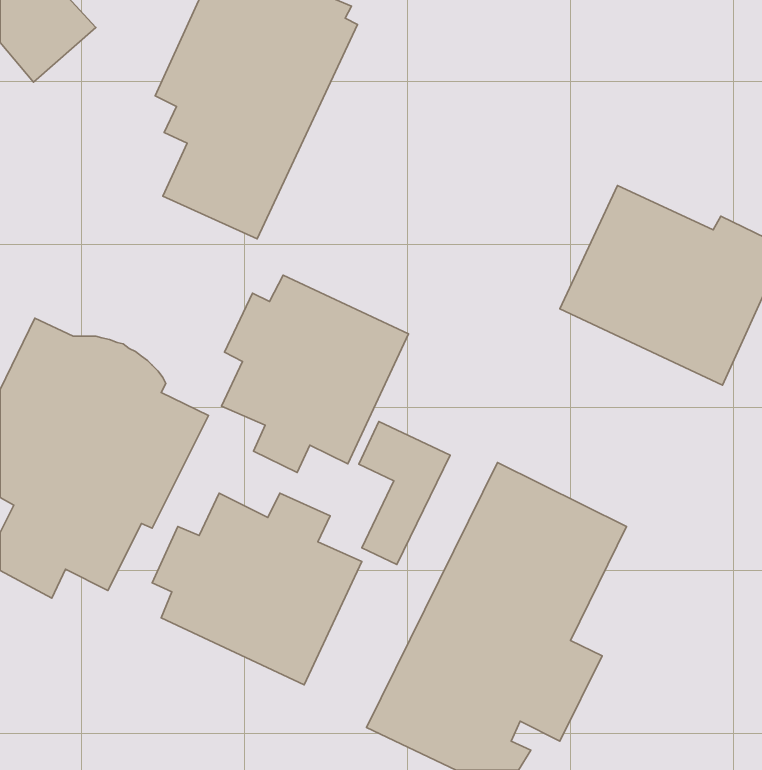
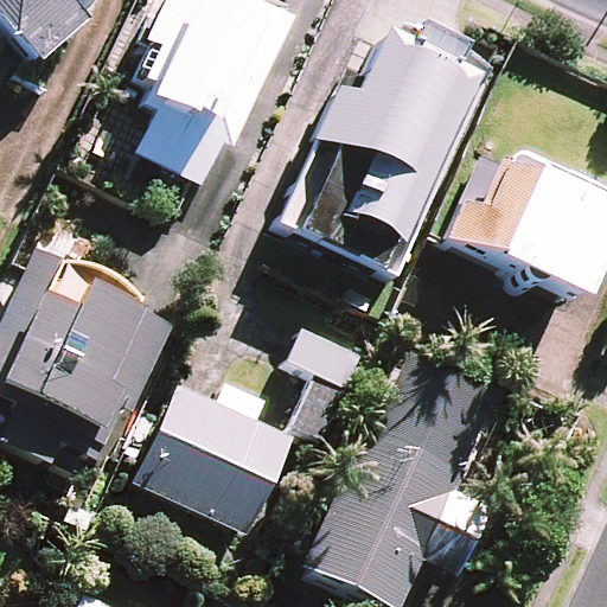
building: none -> [282,36,480,275]
building: [221,275,408,472] -> none

